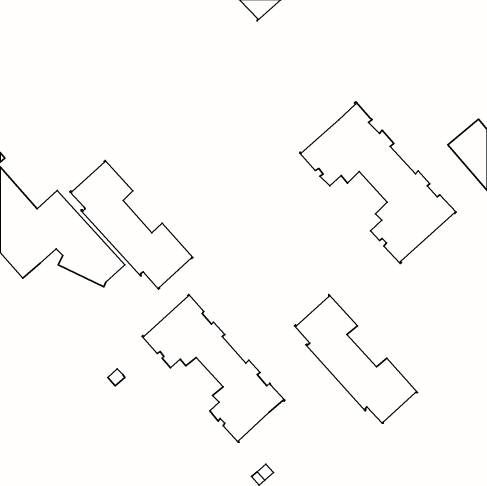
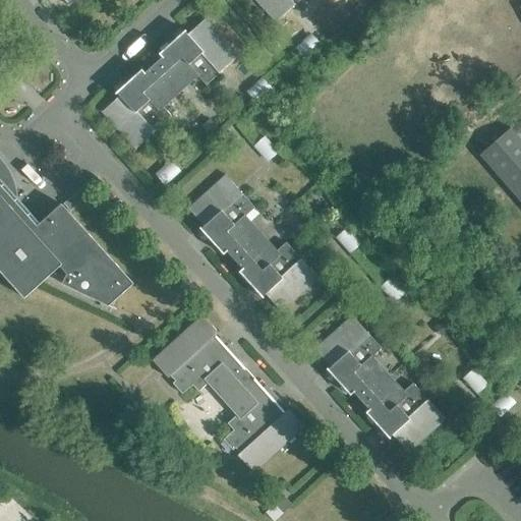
building: none -> [102,17,239,149]
building: [300,102,456,264] -> none
building: [70,160,193,289] -> [187,174,319,311]

